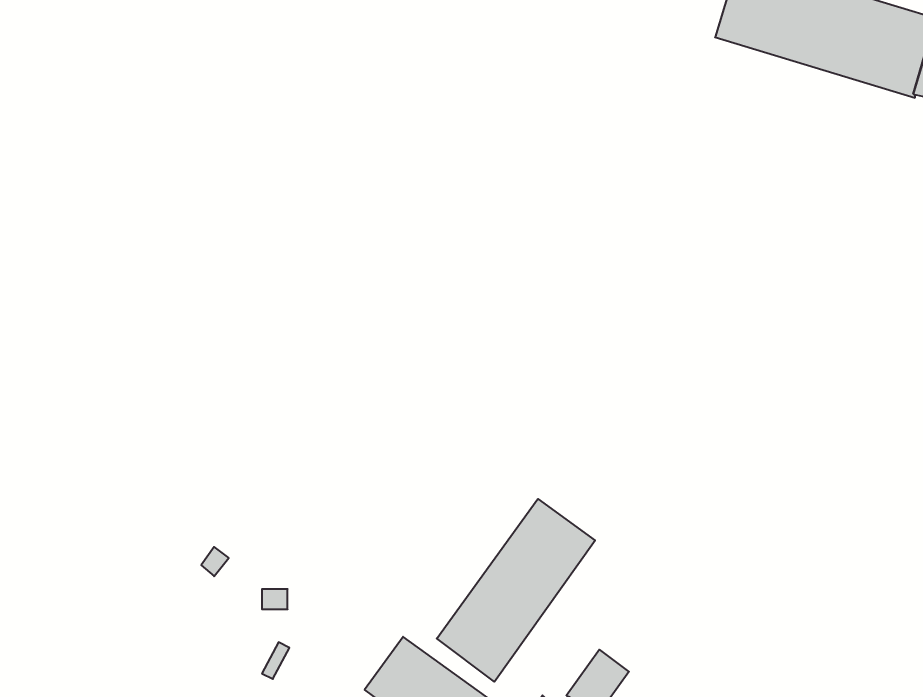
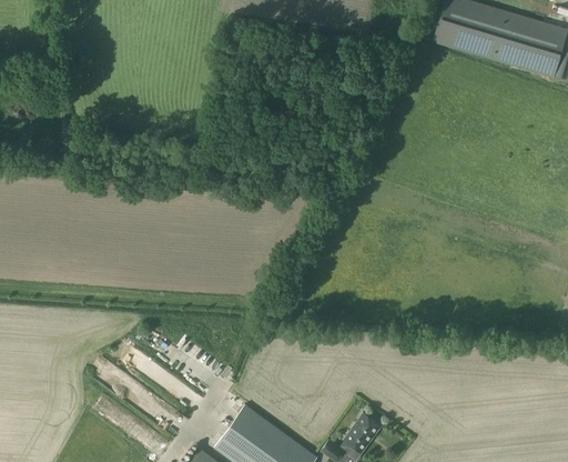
building: [437,499,595,682] -> none

